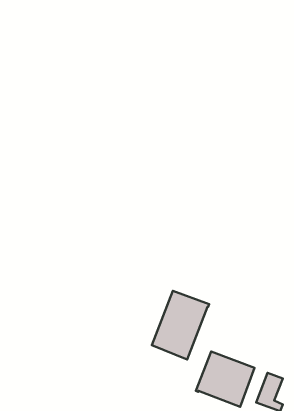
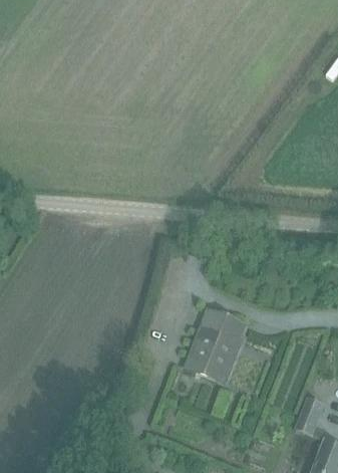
building: [196,352,254,407] -> none

